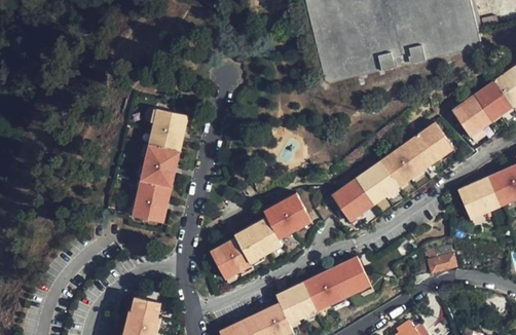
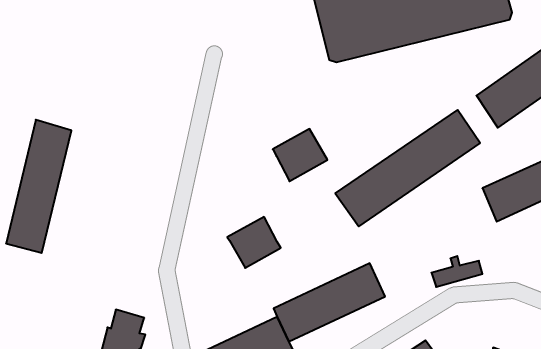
building: [134,109,190,224] -> [6,120,71,253]
building: [263,192,310,237] -> [273,129,327,181]
building: [209,236,252,280] -> none

